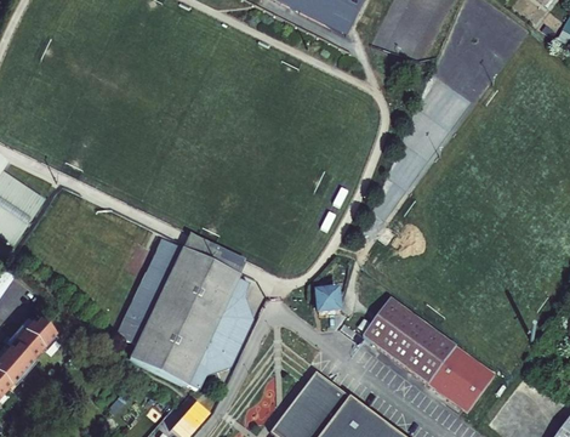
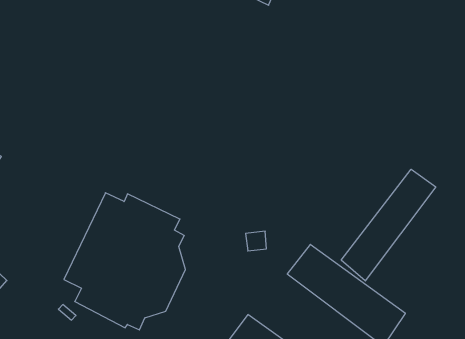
building: none -> [341,169,436,281]

